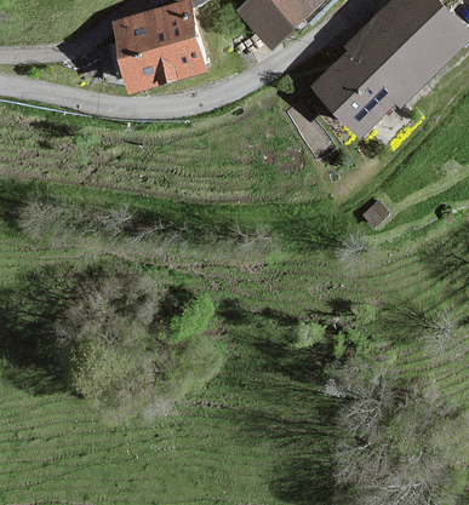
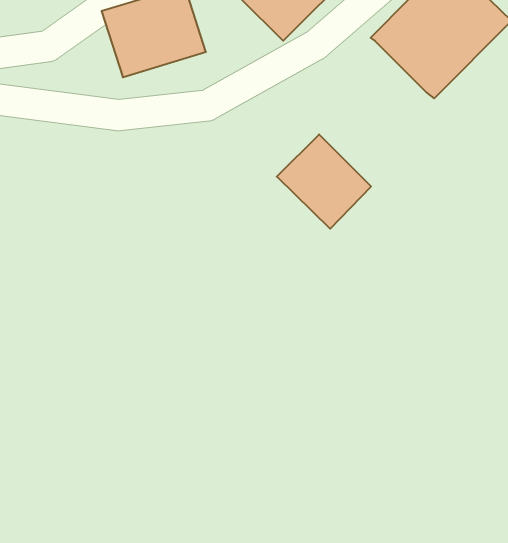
building: [316,48,397,130] -> [277,134,371,229]

